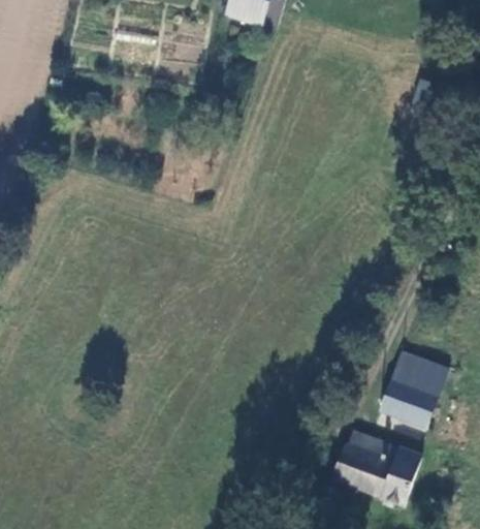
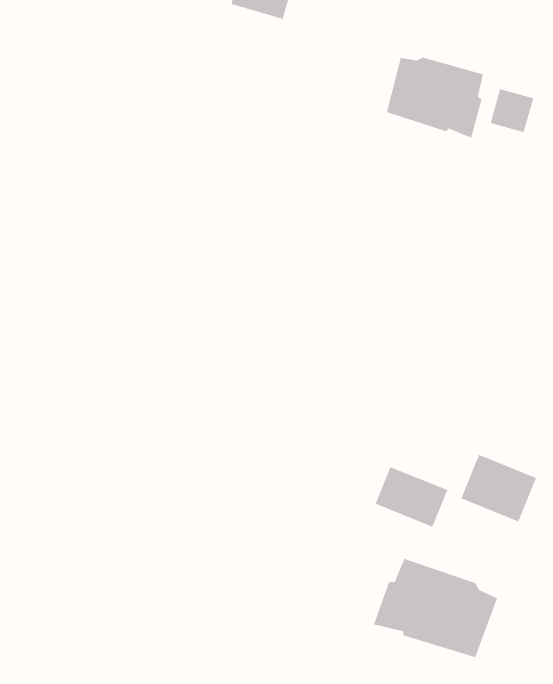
building: none -> [386,57,484,138]
building: [381,384,436,430] -> [375,466,448,527]

